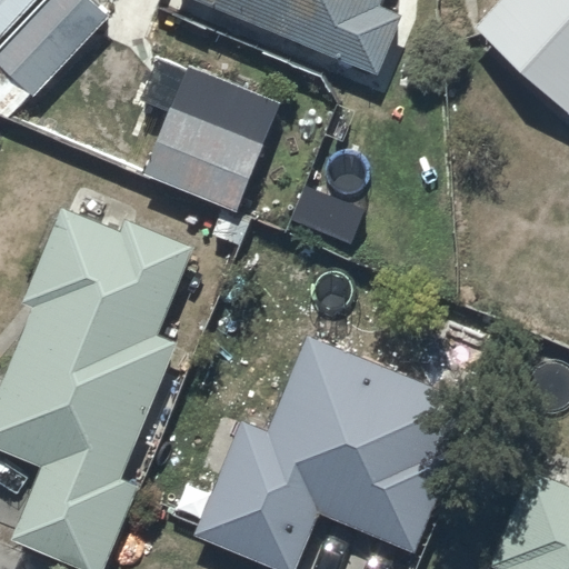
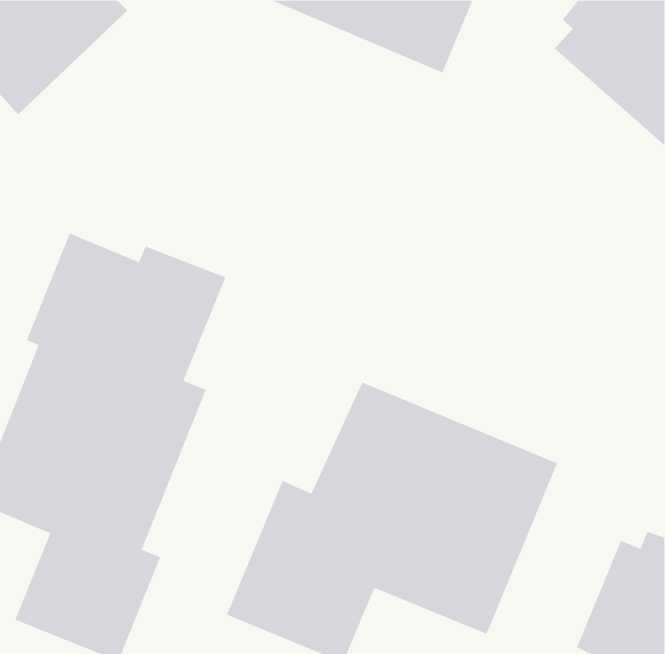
building: [144,62,280,204] -> none

